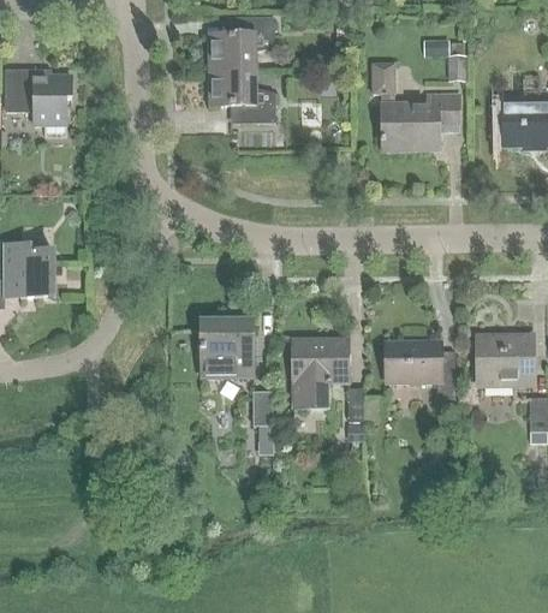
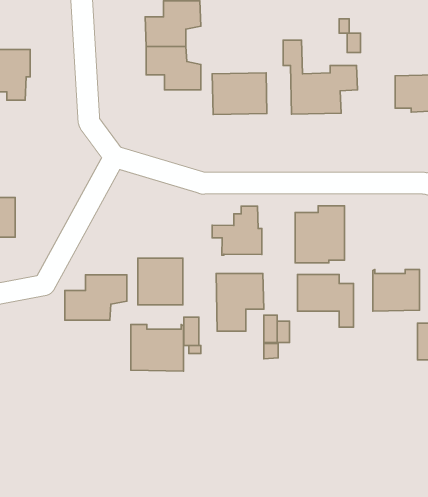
building: none -> [212,73,267,115]
building: none -> [295,206,345,263]
building: none -> [212,206,262,255]
building: none -> [65,275,127,320]
building: none -> [131,325,183,371]

